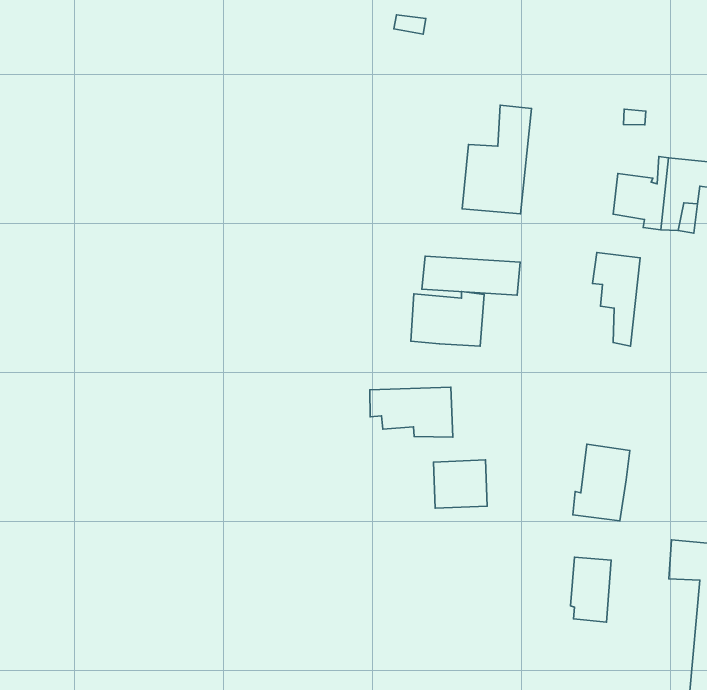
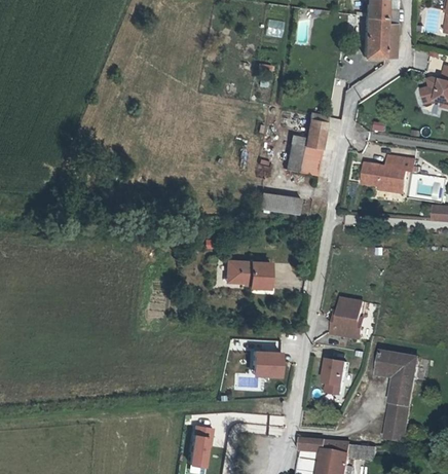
building: [592,253,640,346] -> none
building: [411,292,484,346] -> none
building: [433,460,487,508] -> [252,350,281,375]

